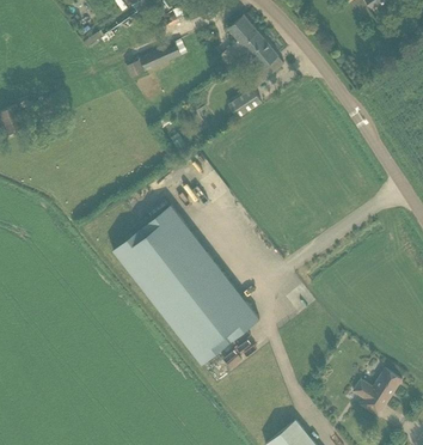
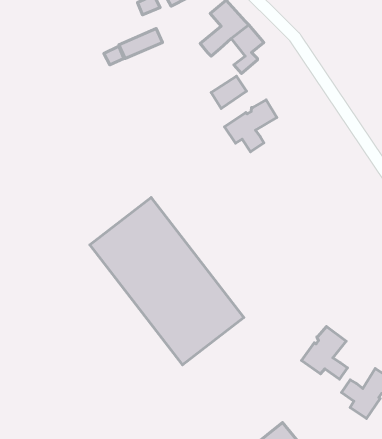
building: none -> [225,100,277,152]
building: none -> [302,327,347,379]

